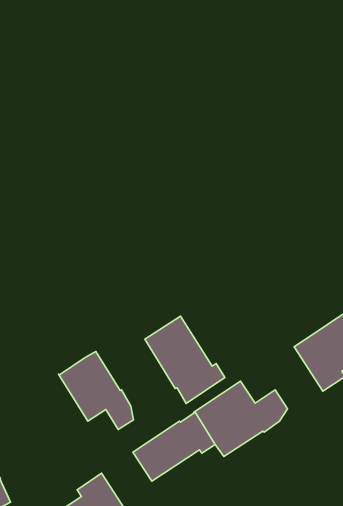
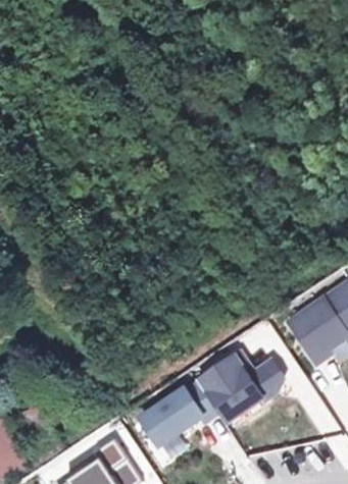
building: [145,316,225,403] -> none
building: [59,352,134,430] -> none

